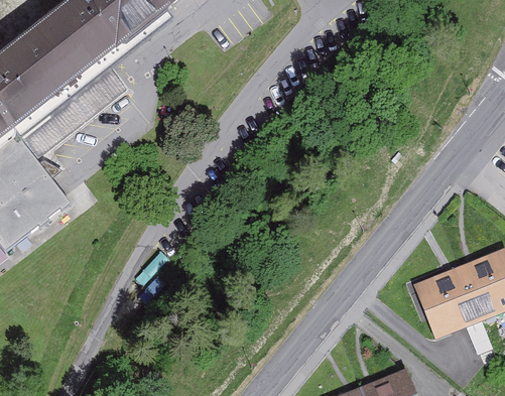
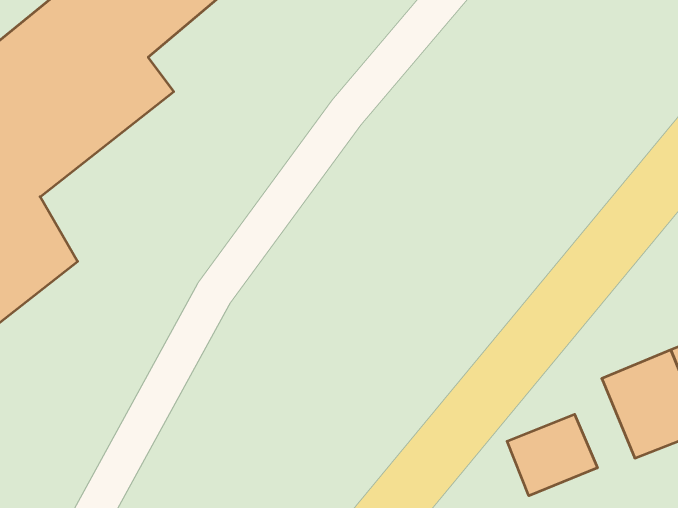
building: none -> [507,414,597,496]

